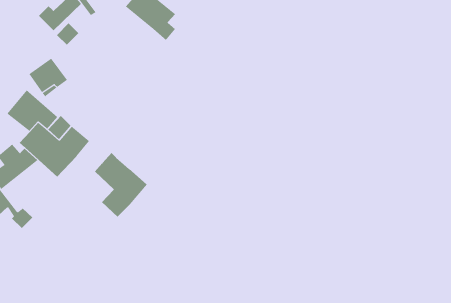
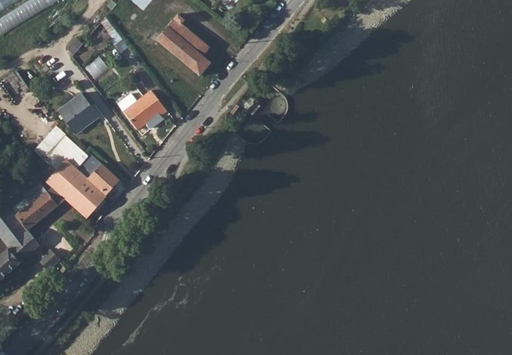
building: none -> [121,92,164,131]
building: [94,152,147,218] -> none

